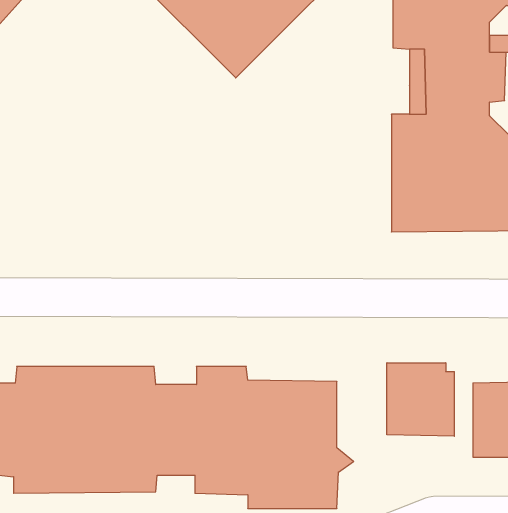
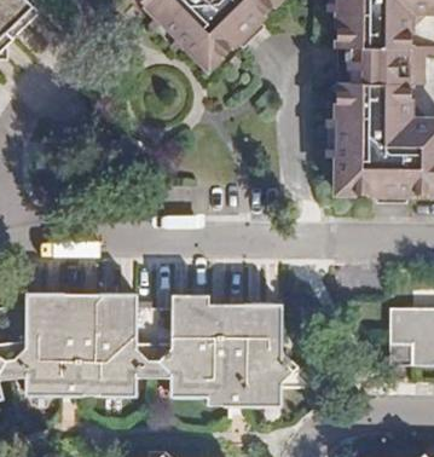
building: [387,363,454,436] -> none

